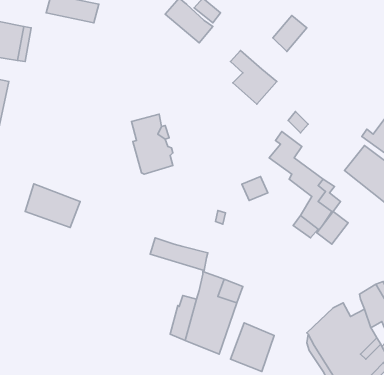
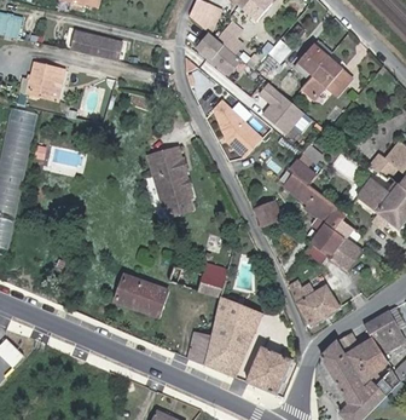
building: none -> [296,62,347,103]
building: none -> [215,99,262,157]
building: [25,184,80,228] -> [117,274,170,316]
building: none -> [292,284,348,329]

